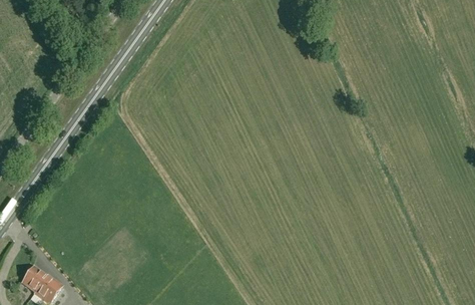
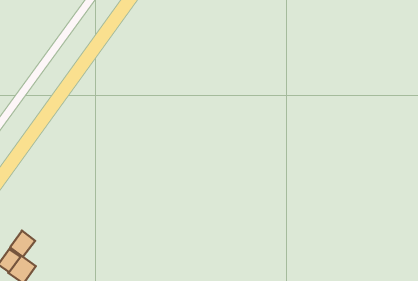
building: none -> [10,230,35,257]

